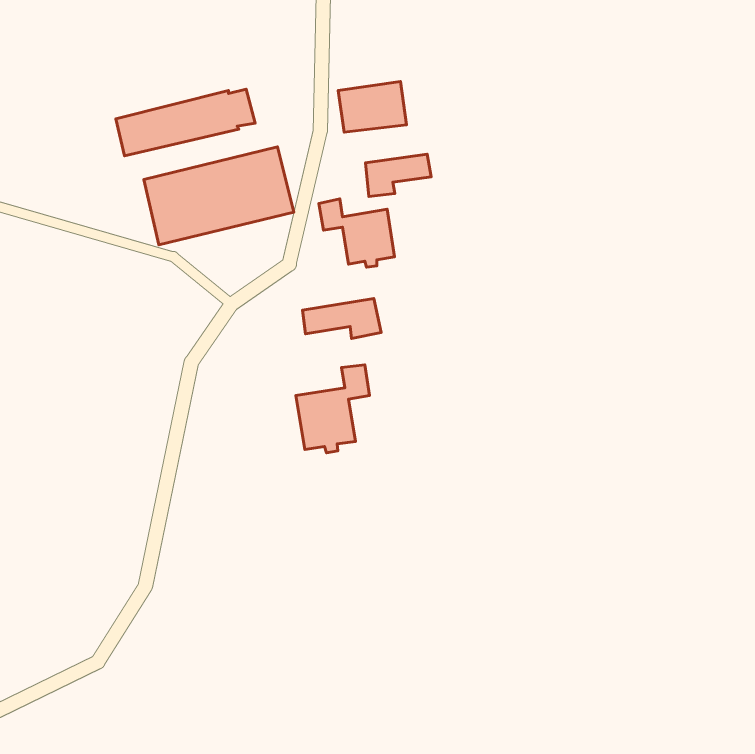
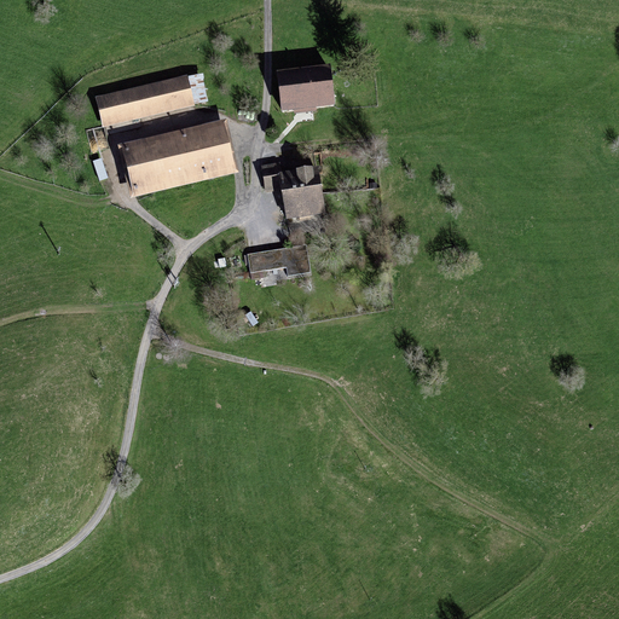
building: [365,154,431,196] -> none
building: [296,365,370,453] -> none

